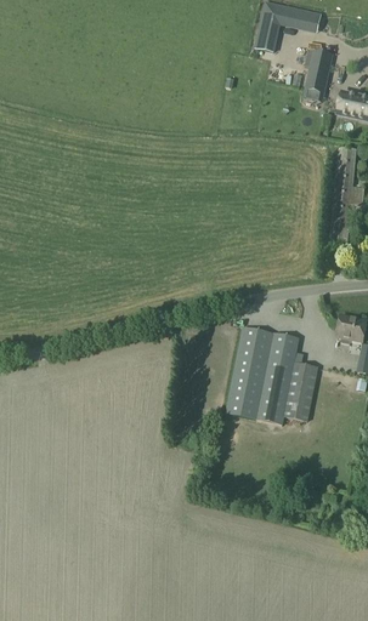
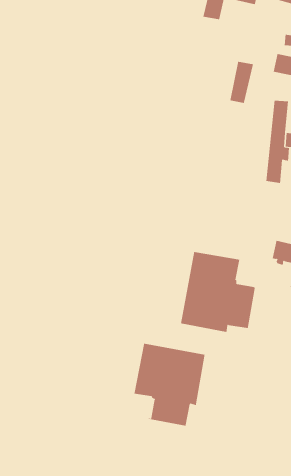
building: [306,40,335,91] -> [229,61,254,104]
building: none -> [134,343,205,426]

